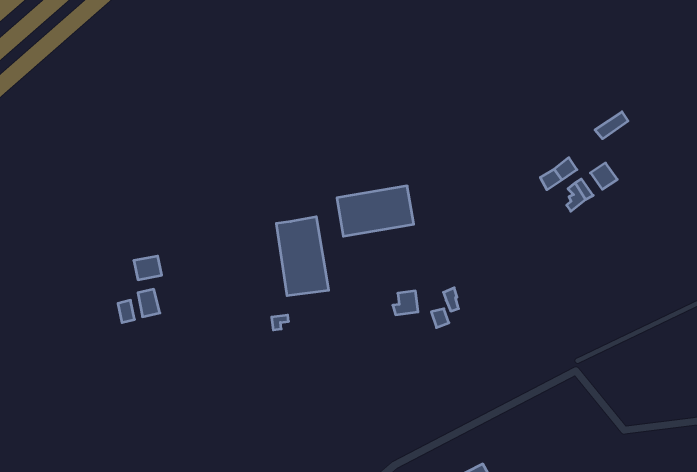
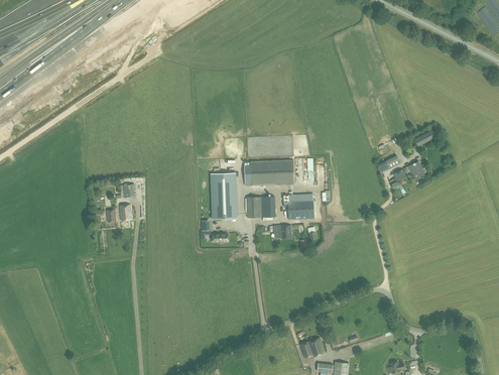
building: none -> [282,194,314,219]
building: none -> [246,196,274,219]

